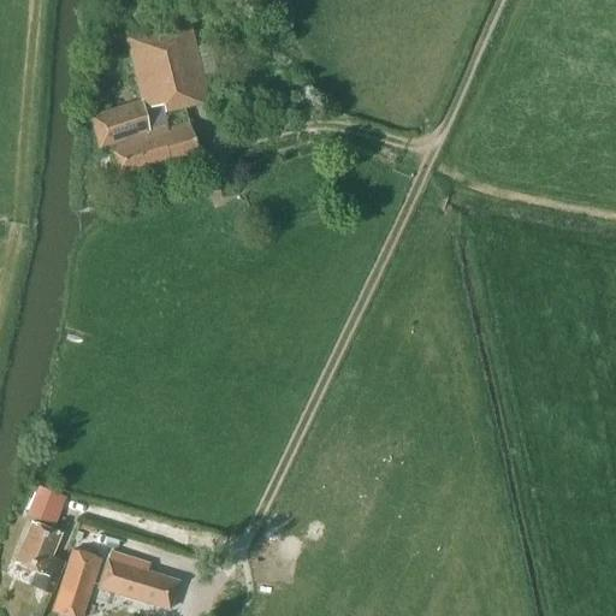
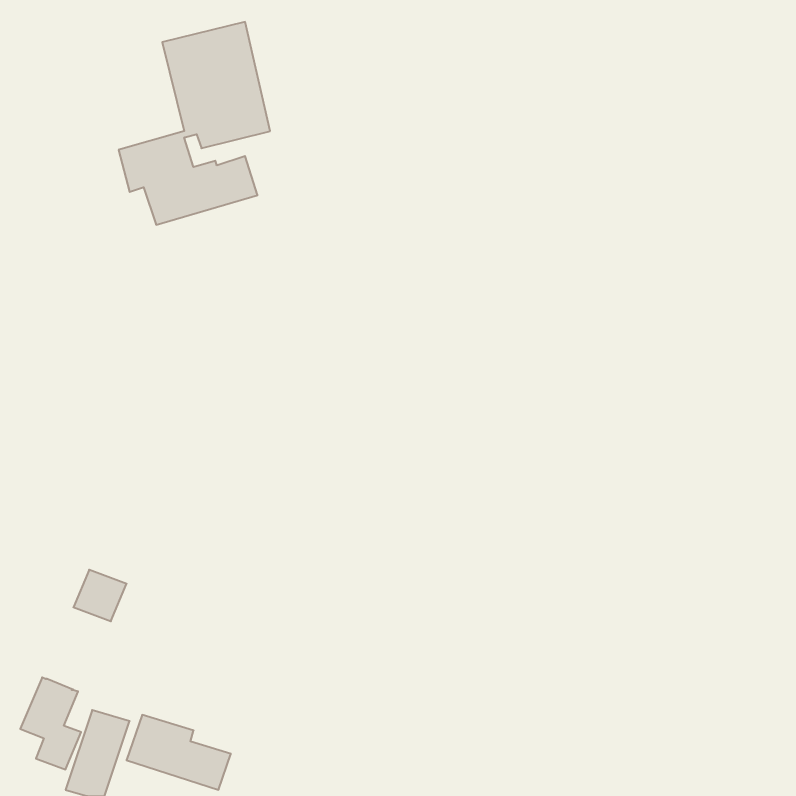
building: [26,484,67,523] -> [73,570,127,621]

